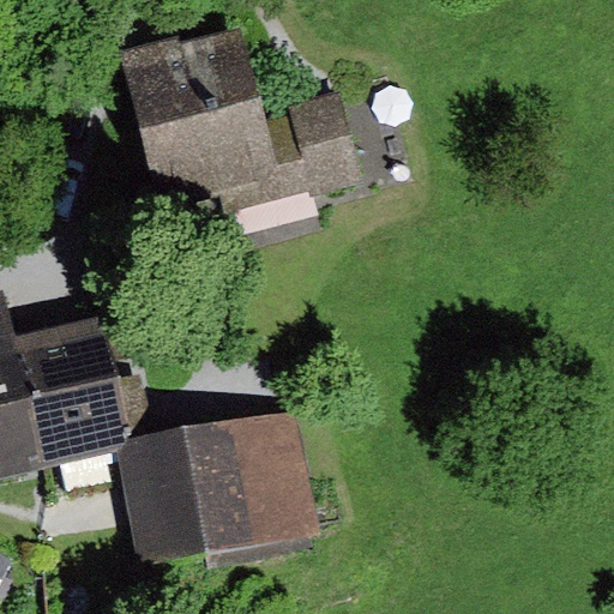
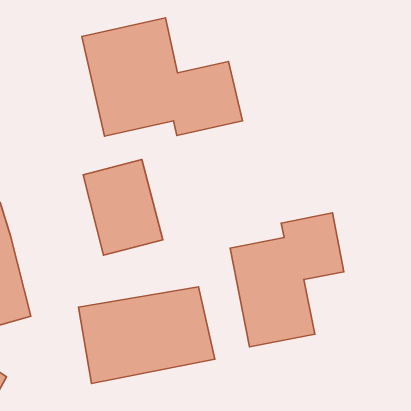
building: none -> [230,213,344,347]
building: [16,326,133,468] -> [83,160,163,255]

